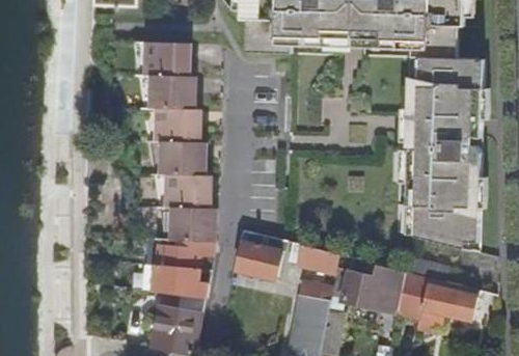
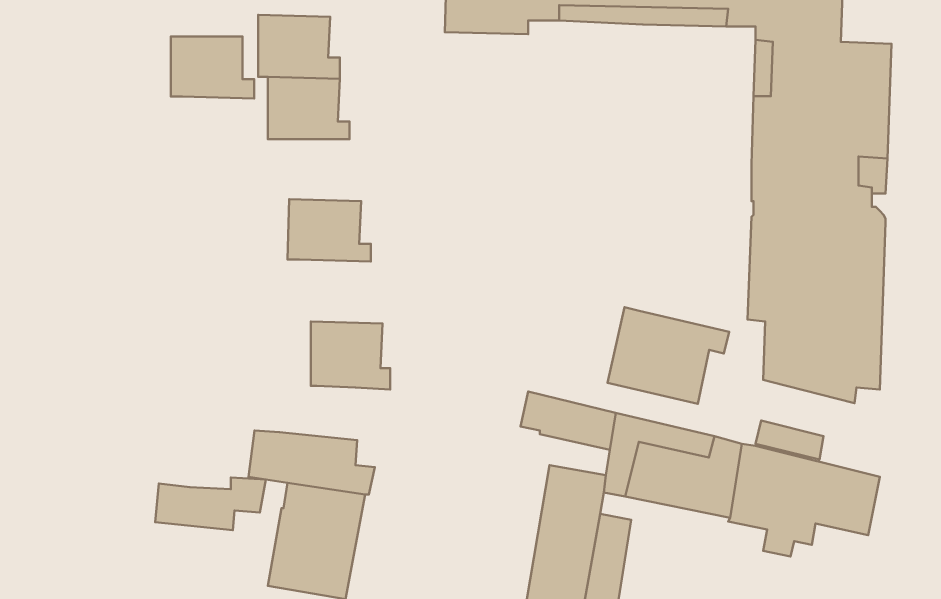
building: [155,107,199,140] -> [171,36,254,99]
building: [166,171,211,206] -> none
building: none -> [608,307,729,404]
building: [235,230,283,278] -> none
building: [156,240,215,268] -> [155,478,266,530]

